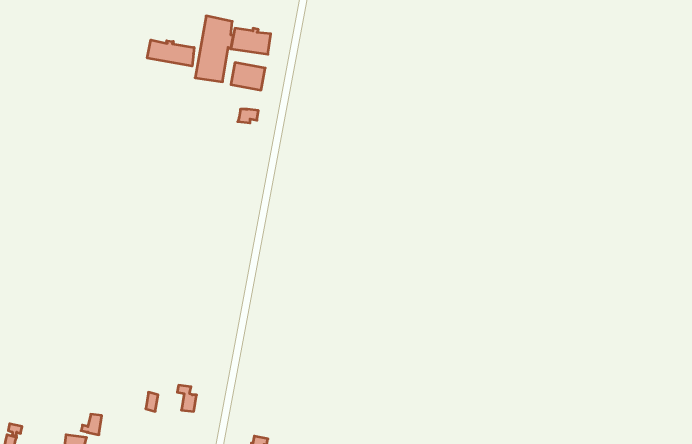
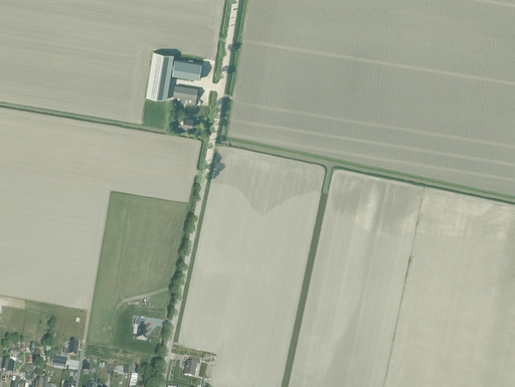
building: [147,40,194,66] -> none

